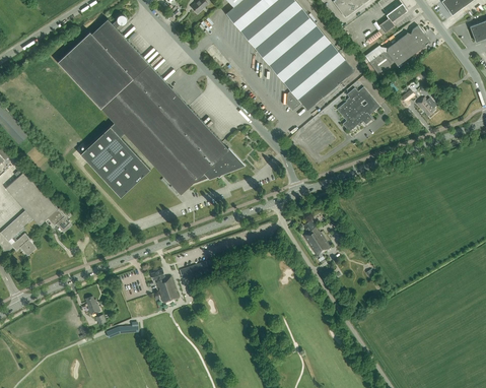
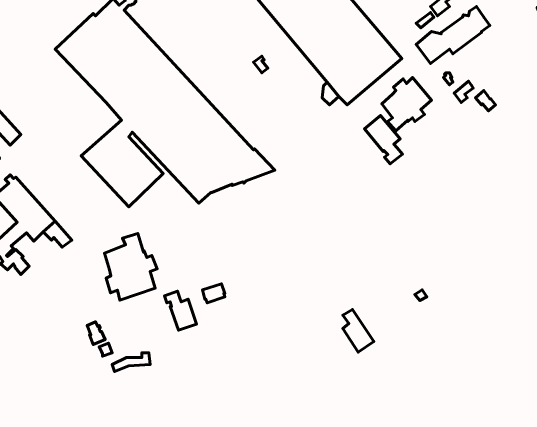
building: none -> [365,115,402,164]
building: [303,219,330,256] -> [343,309,374,352]
building: none -> [104,233,157,300]

